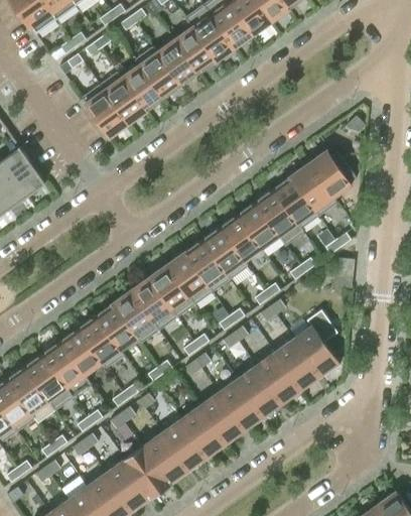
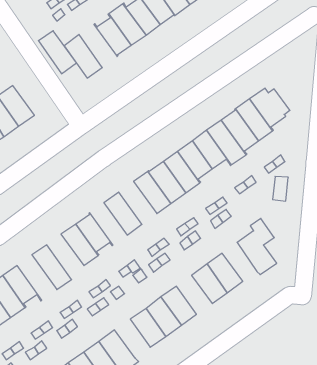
building: [100,73,146,125] -> [38,31,76,74]
building: [148,264,194,316] -> none
building: [113,290,158,342] -> none
building: [60,329,106,384] -> none
building: [274,339,316,386] -> none
building: [24,354,73,409] -> none
building: [219,379,262,426] -> none
building: [143,432,186,480] -> none

